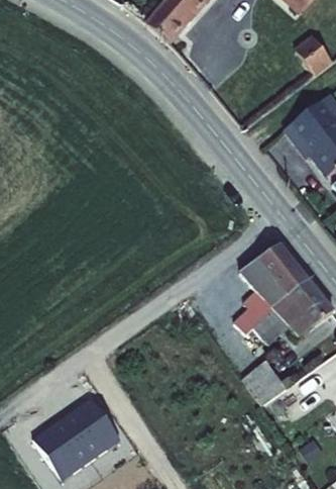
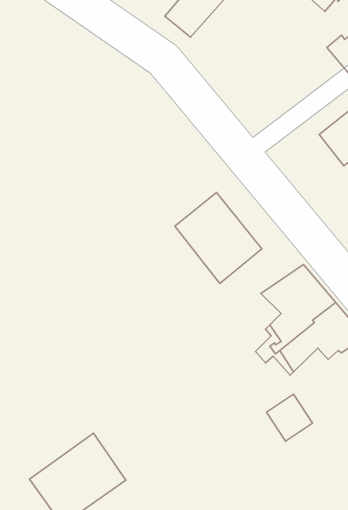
building: none -> [175,193,262,284]

